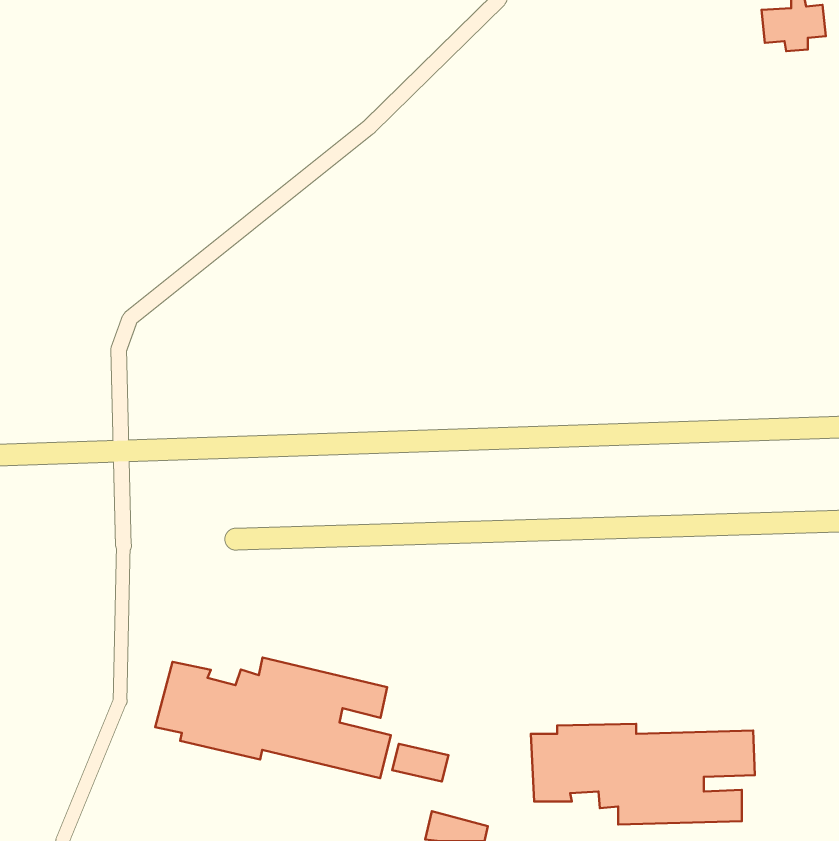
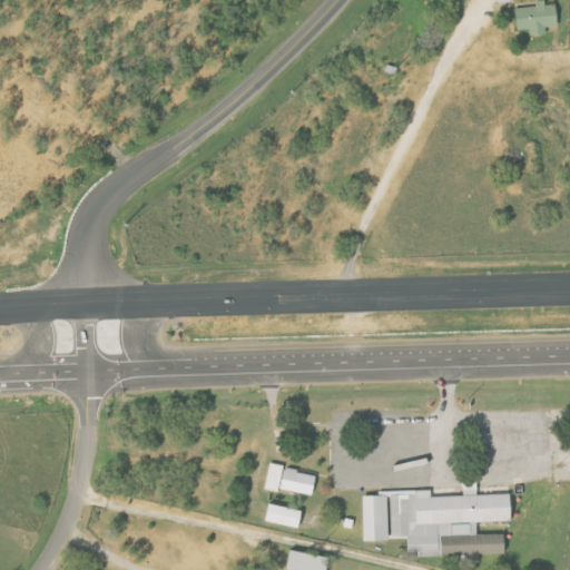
building: [155,657,391,778] -> none
building: none -> [264,464,316,495]

